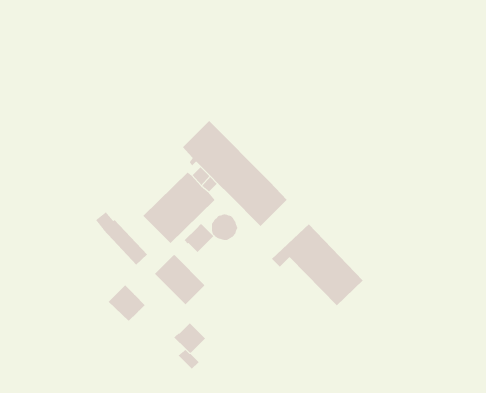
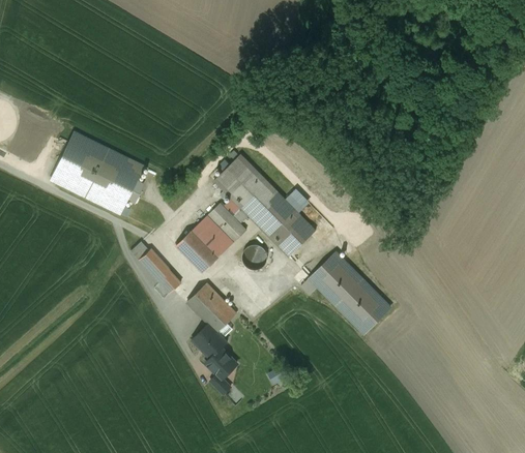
building: none -> [51,131,143,212]
building: [184,223,214,253] -> none
building: [108,285,145,322] -> [192,322,228,358]

